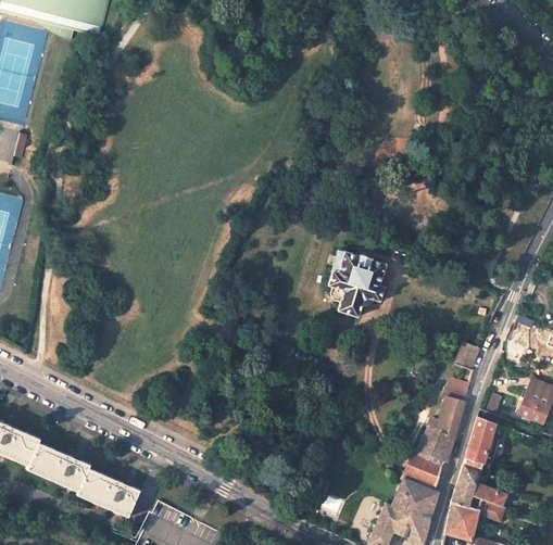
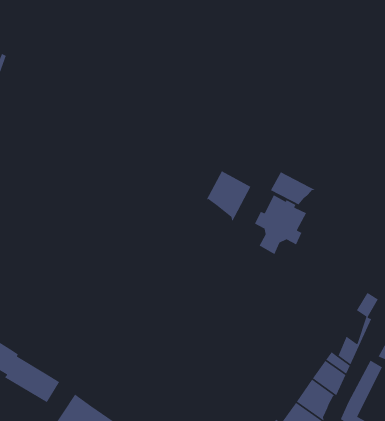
building: none -> [270,171,317,206]
building: none -> [206,170,252,223]

